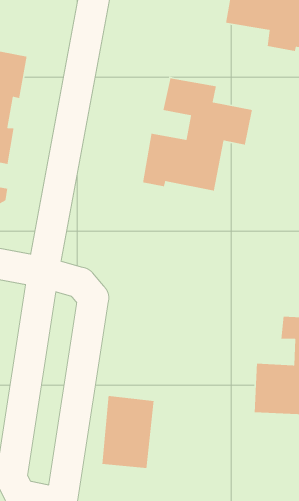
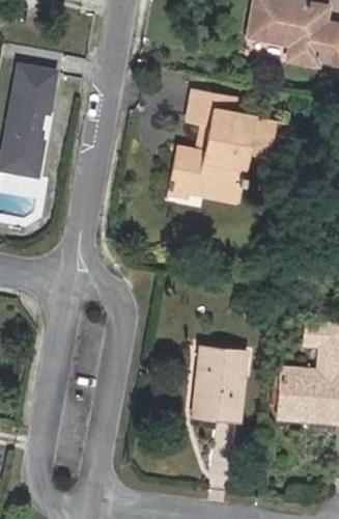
building: [101,395,155,469] -> [195,348,247,419]

